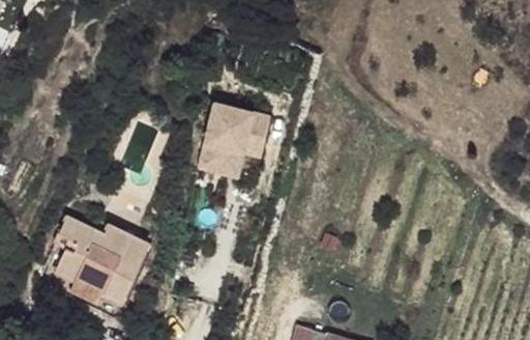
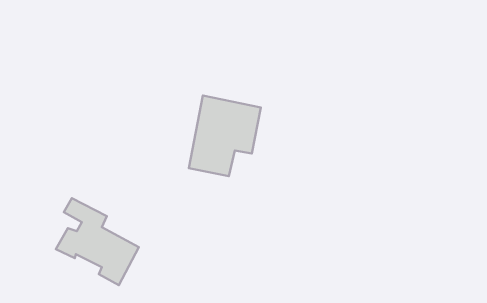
building: [53,260,124,308] -> none

